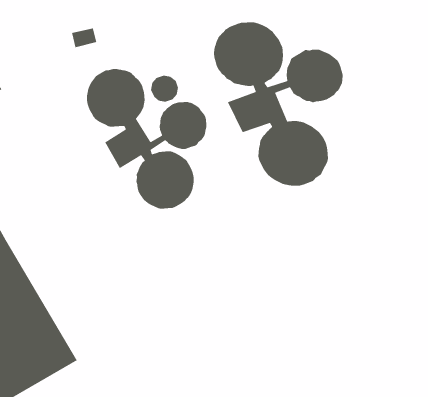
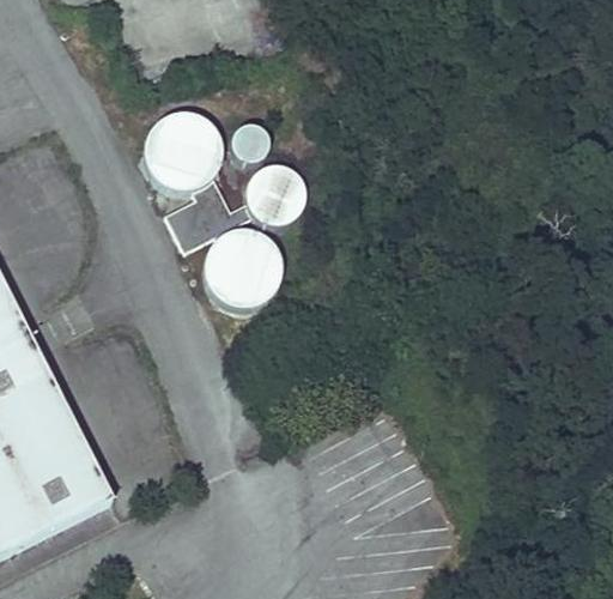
building: [213,21,344,186] -> none

